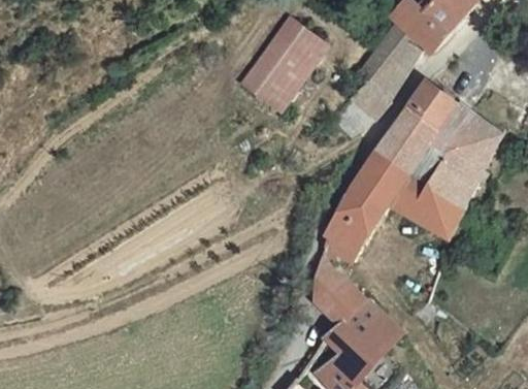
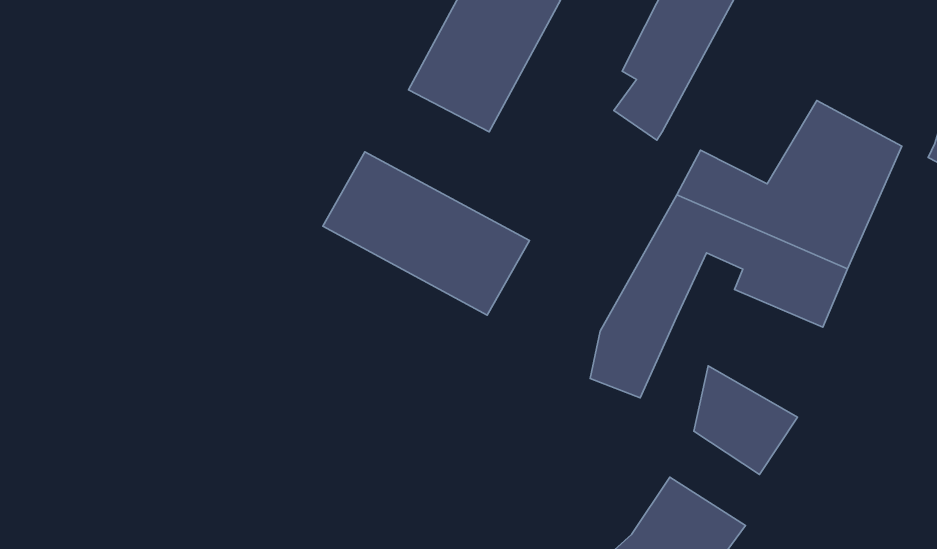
building: [395,84,459,148] -> none
building: none -> [323,152,529,315]
building: [309,268,365,328] -> [694,366,798,474]

